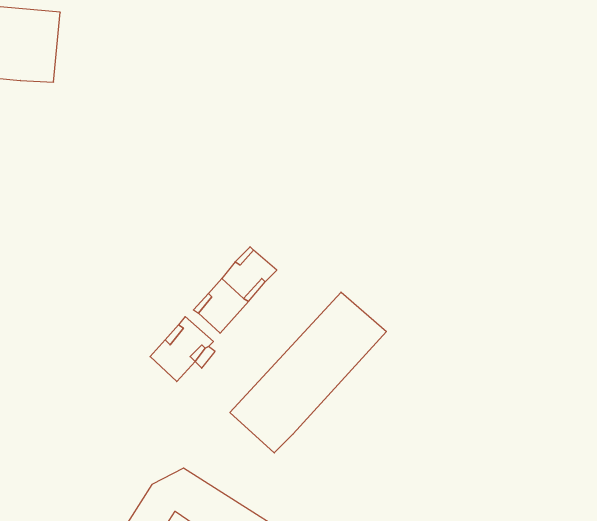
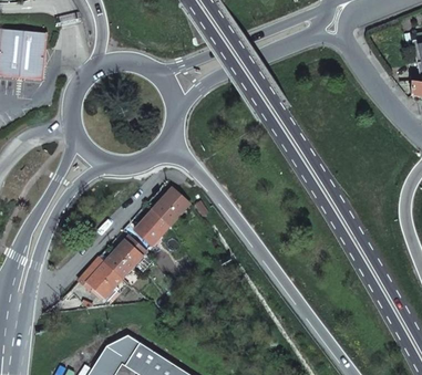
building: [230,292,386,453] -> none
building: none -> [71,254,123,306]

